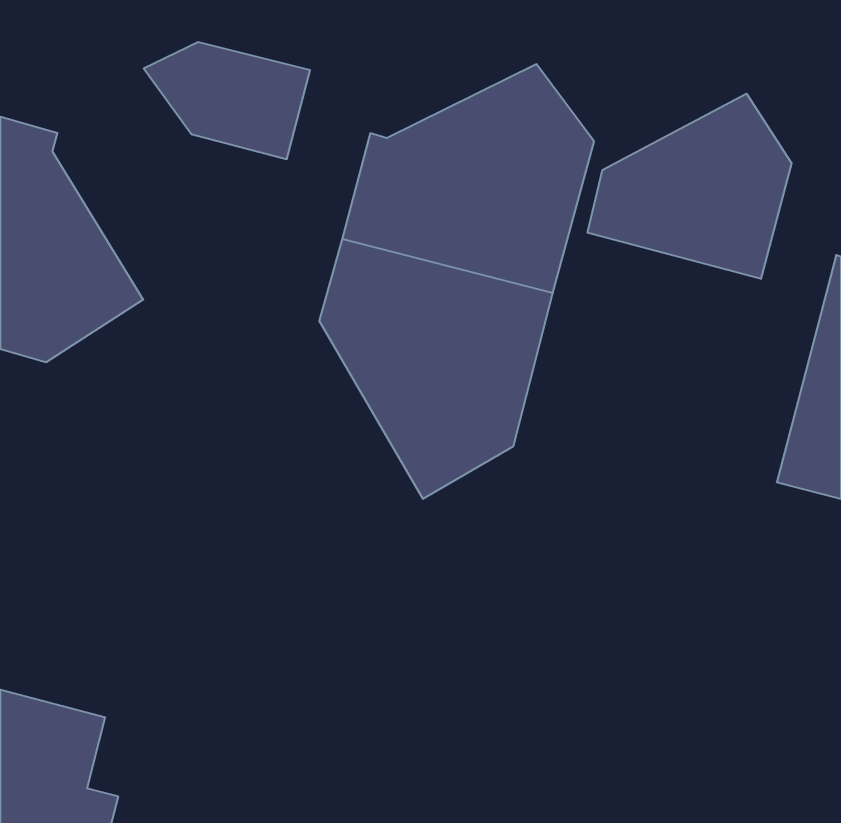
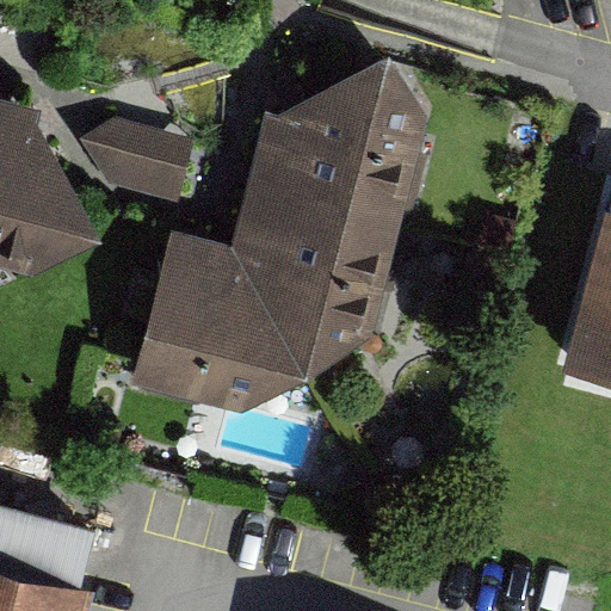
building: [144,42,310,159] -> [75,125,196,210]
building: [587,94,792,279] -> none
building: none -> [134,230,307,412]

